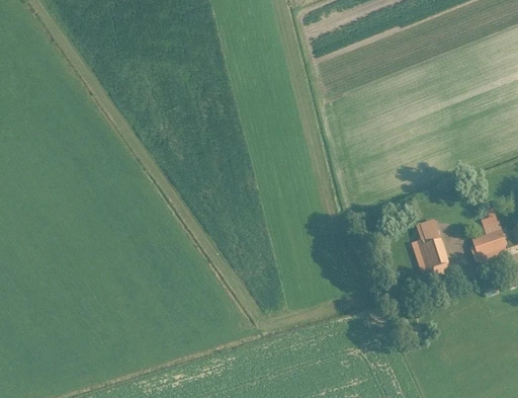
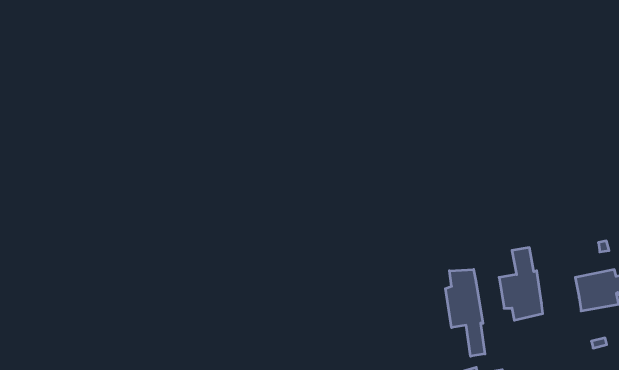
building: none -> [445,269,485,356]

